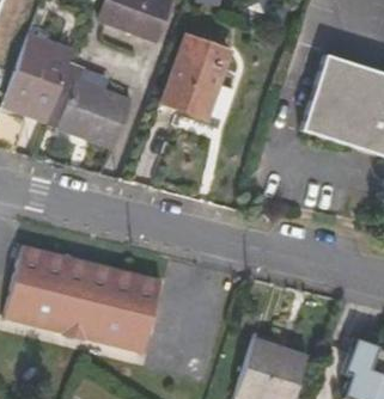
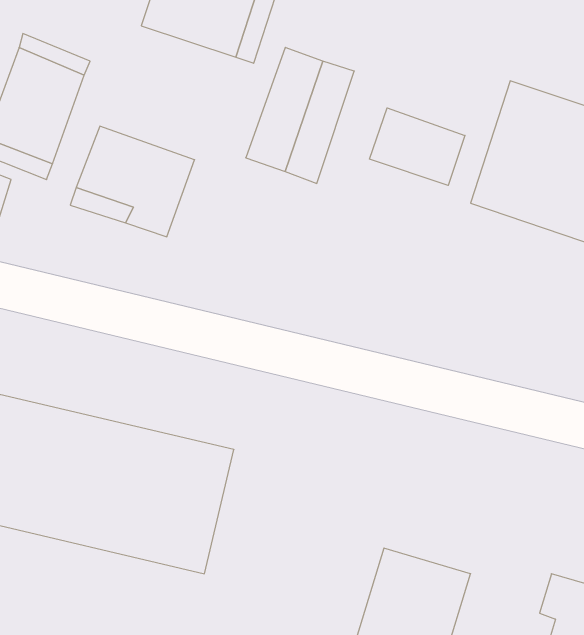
building: none -> [369,108,465,185]

